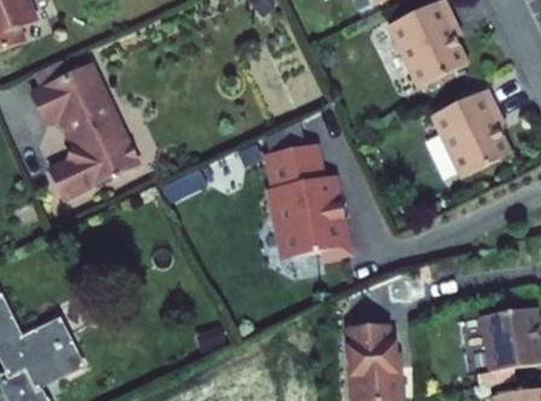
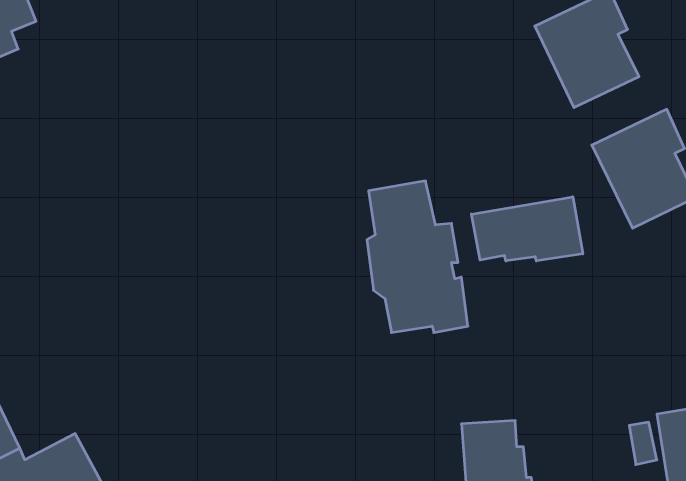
building: [25,58,132,198] -> none
building: none -> [471,197,583,261]

